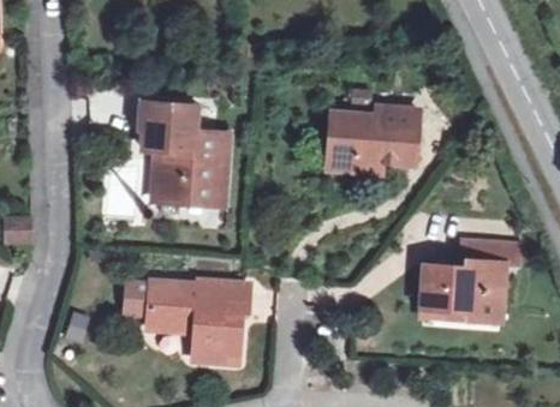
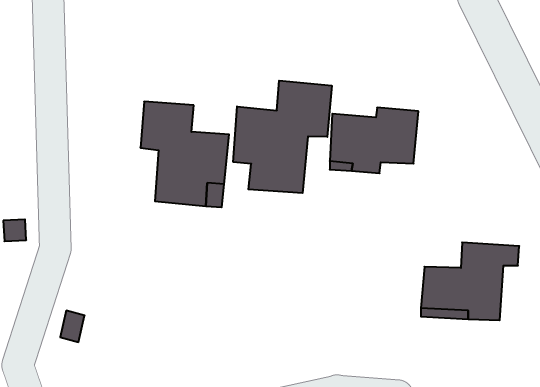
building: none -> [233,81,332,193]
building: [125,280,246,361] -> none

